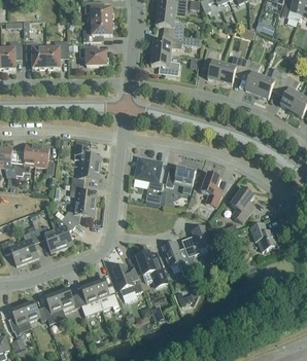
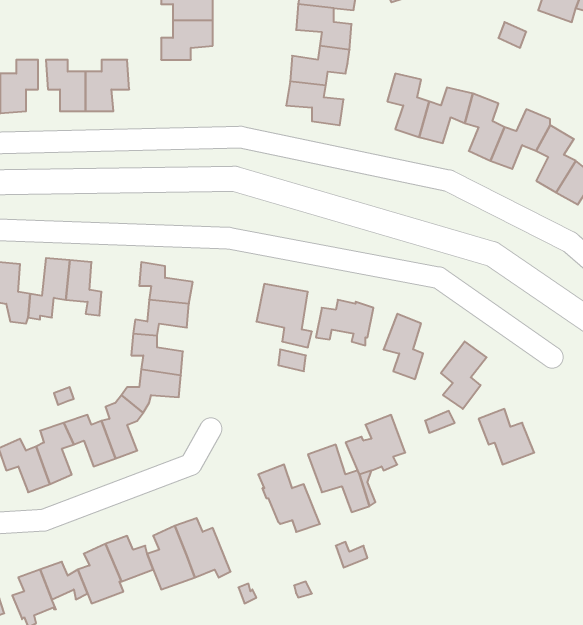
building: [78,45,106,66] -> none
building: [112,264,142,302] -> none

